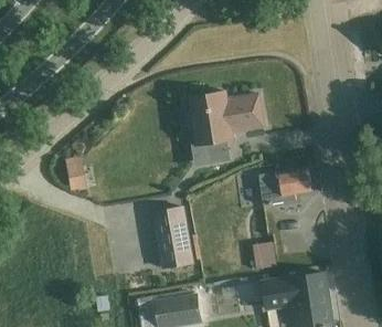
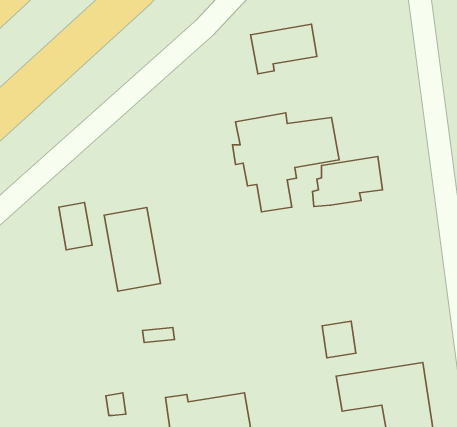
building: none -> [250,24,317,74]
building: [262,167,312,203] -> [312,156,382,207]
building: [151,200,192,261] -> [104,207,161,291]

